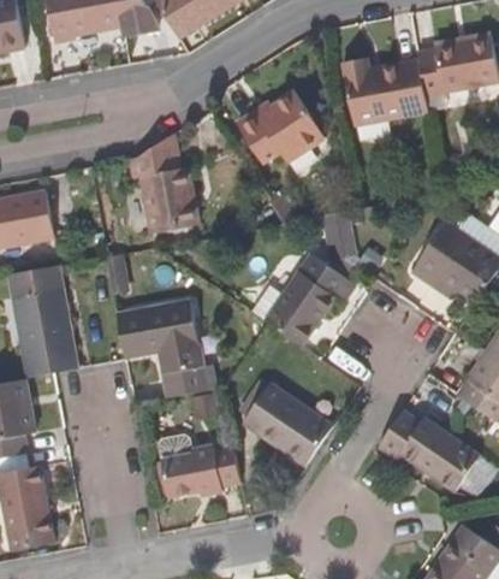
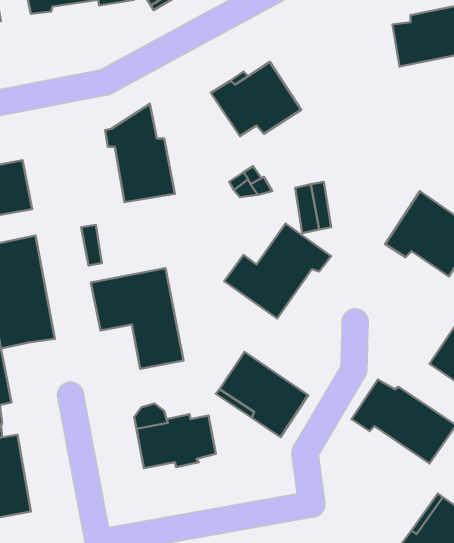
building: [341,57,428,125] -> none

